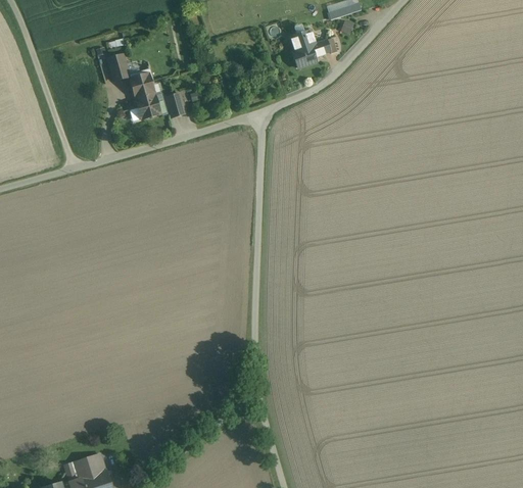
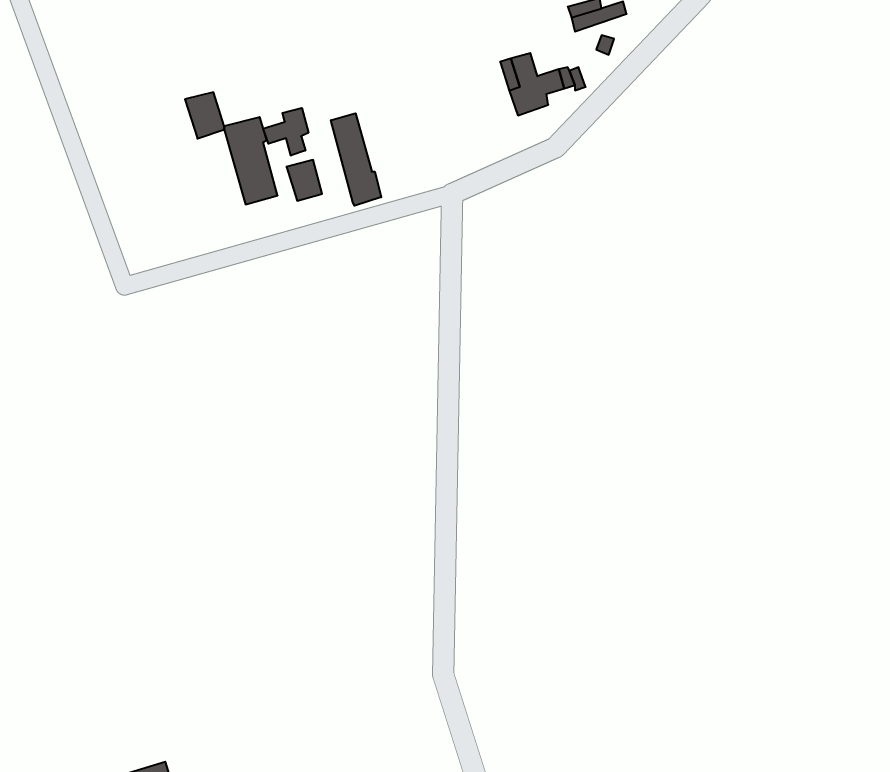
building: none -> [263,108,308,156]
building: none -> [331,113,381,206]

